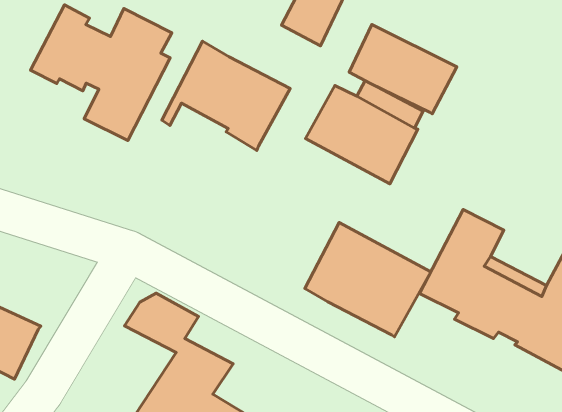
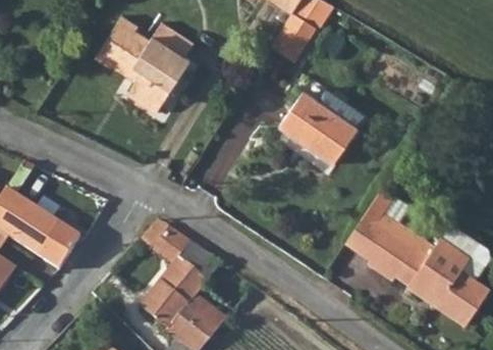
building: [349,25,457,114] -> none
building: [162,41,290,151] -> none
building: [305,223,431,337] -> none

